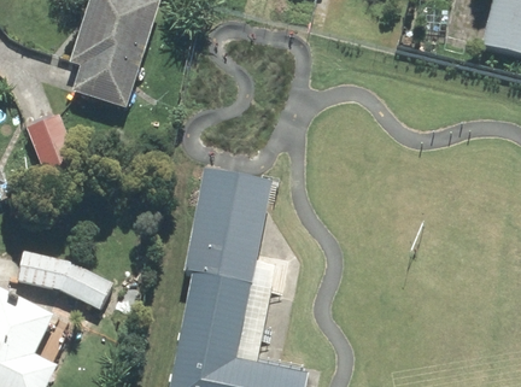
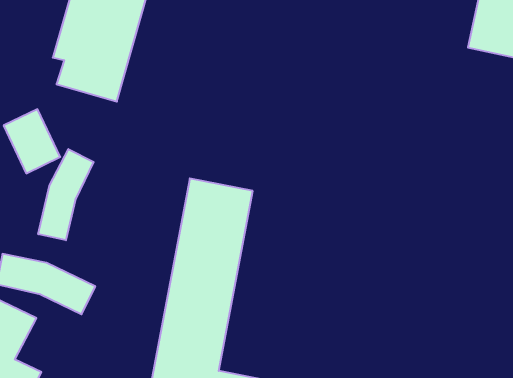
building: none -> [38,149,94,240]

